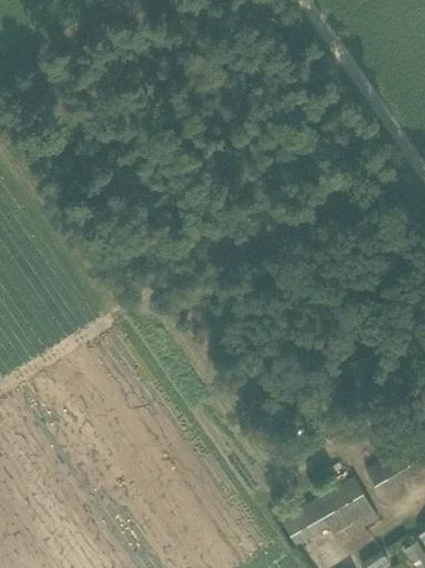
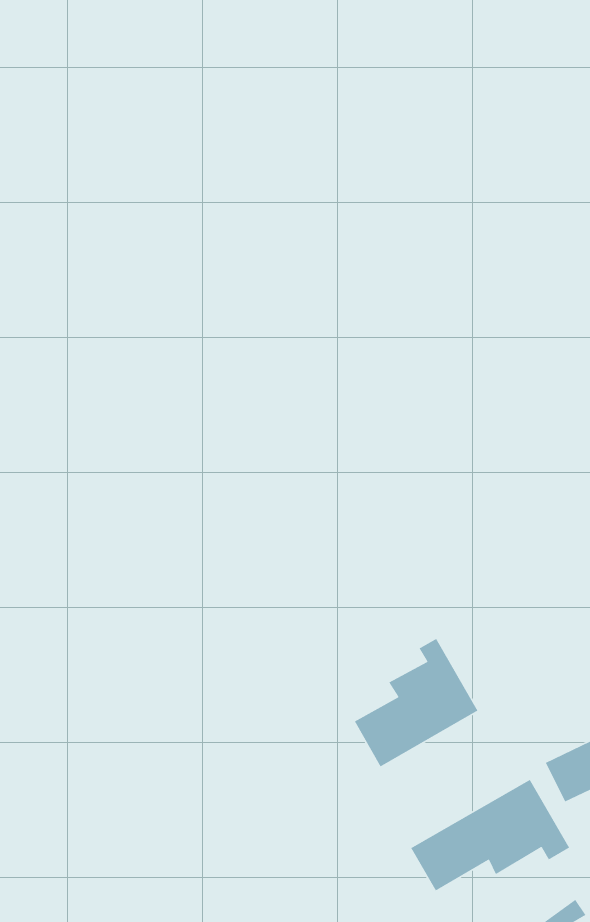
building: none -> [354,638,478,768]

